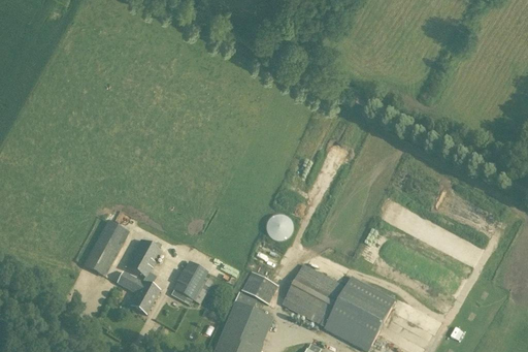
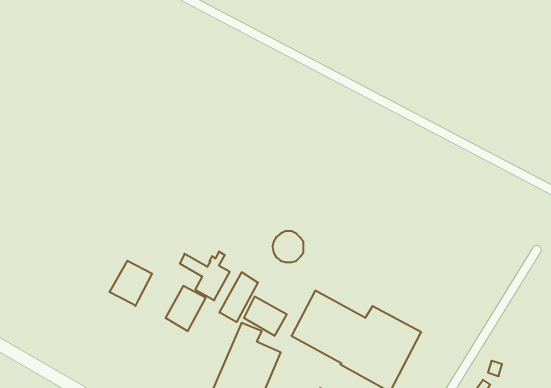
building: [84,220,126,274] -> none
building: none -> [219,272,258,322]
building: [117,271,160,314] -> [180,251,230,300]

